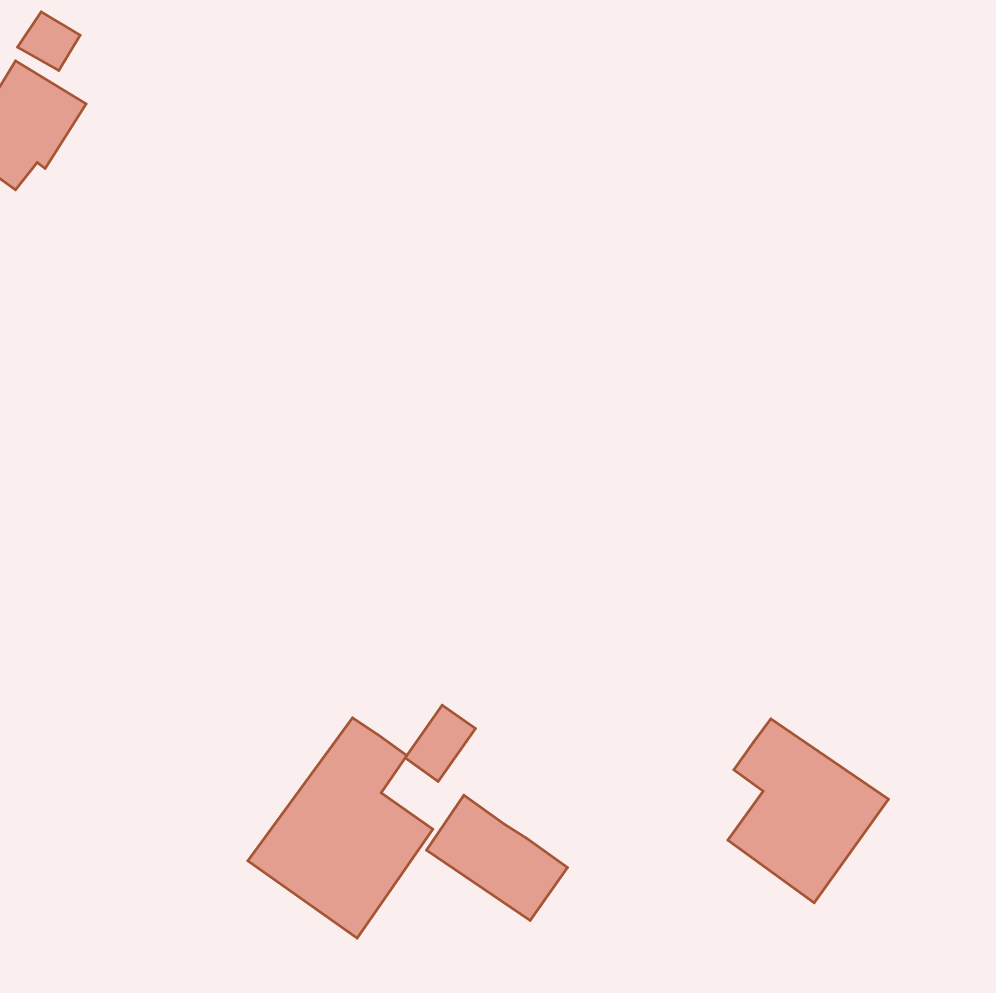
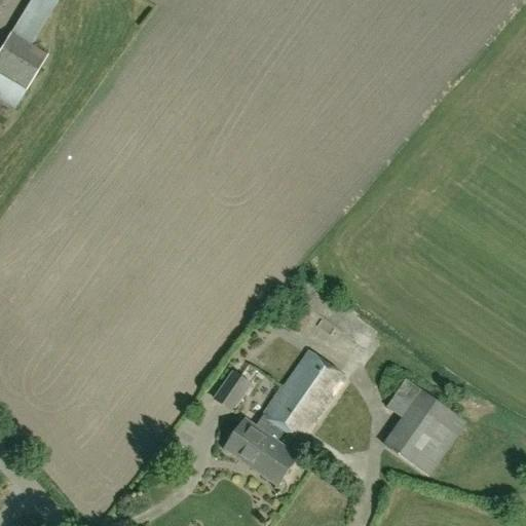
building: none -> [264,349,347,441]
building: [248,718,433,938] -> none

